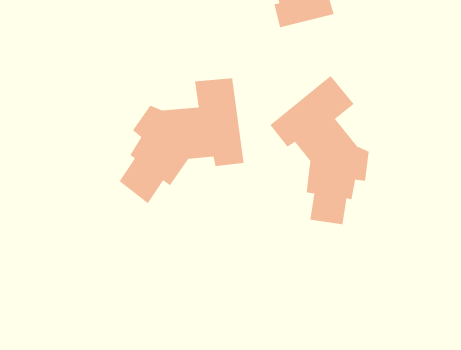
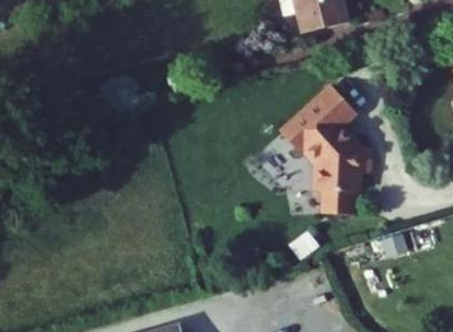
building: [119,78,244,204] -> none

